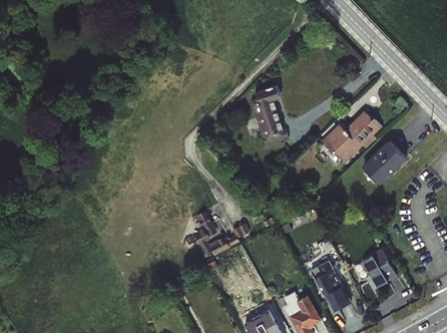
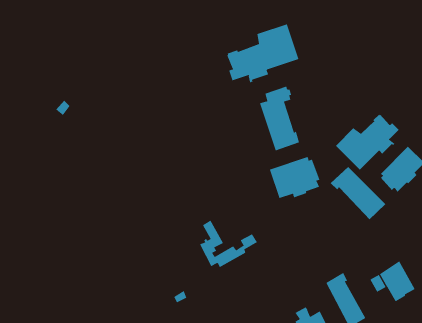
building: none -> [226,23,299,83]
building: none -> [269,156,320,199]
building: none -> [330,166,386,220]

